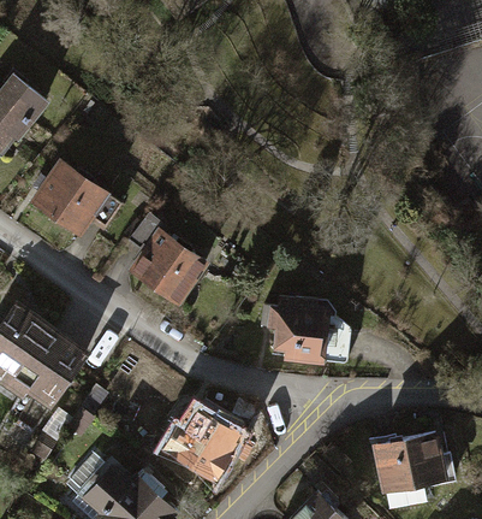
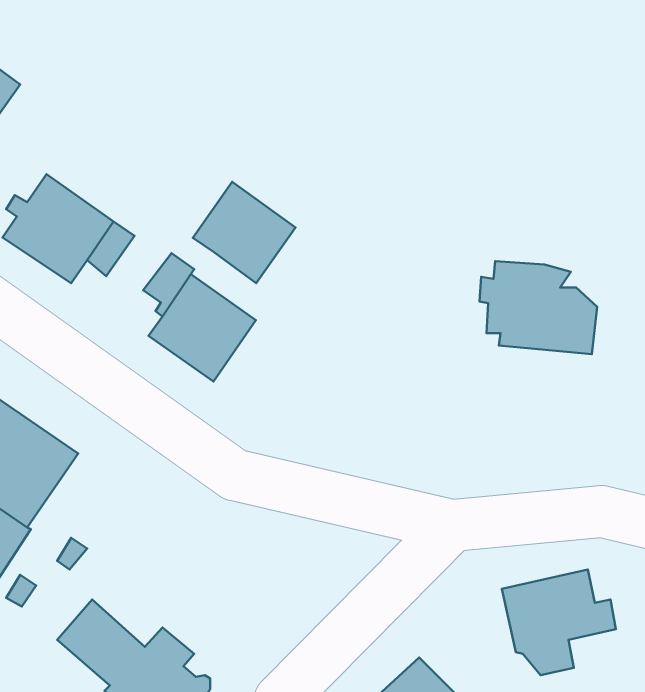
building: none -> [193,182,295,283]
building: [269,297,350,361] -> [479,261,597,354]
building: [167,409,239,476] -> none

